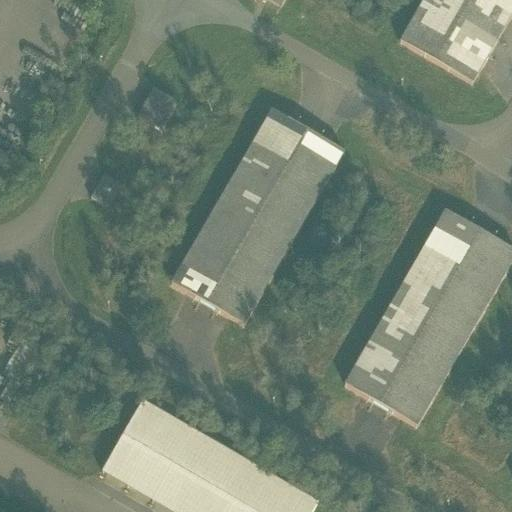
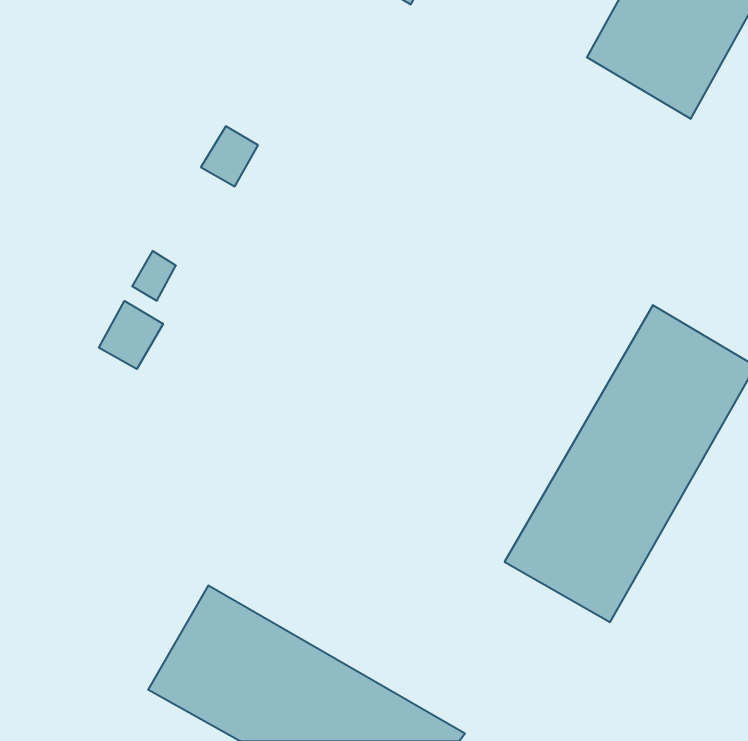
building: [172,108,344,323] -> none
building: none -> [99,301,163,369]

